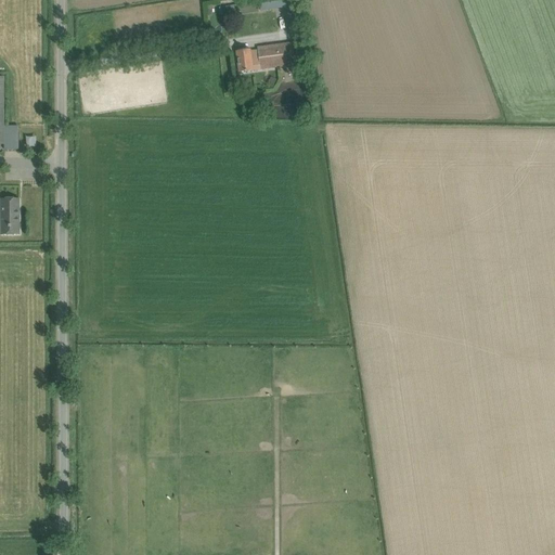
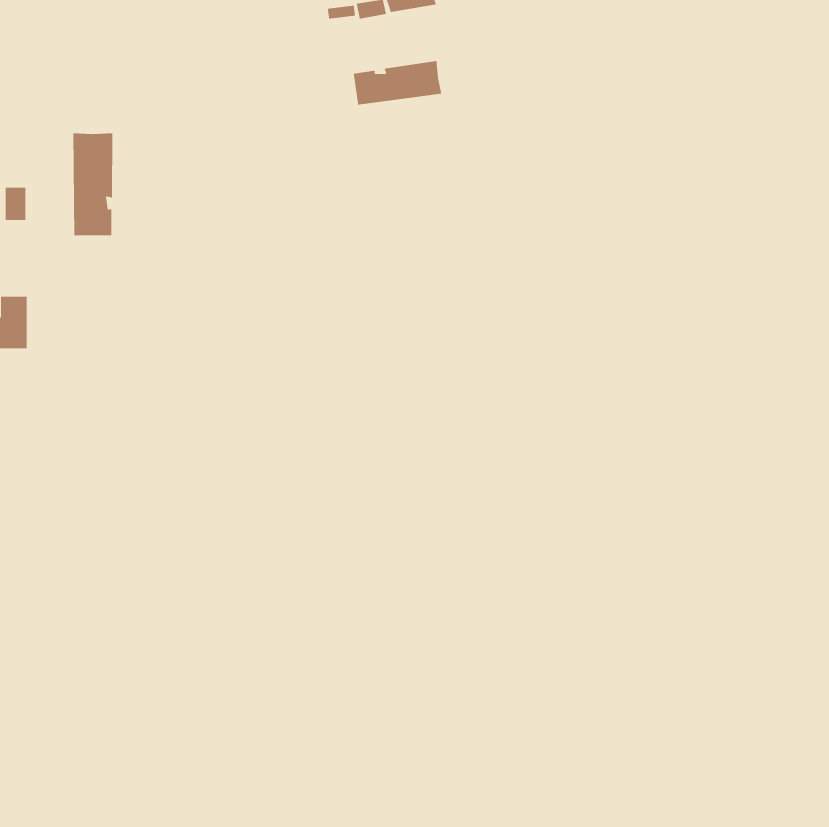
building: none -> [73,133,113,236]

